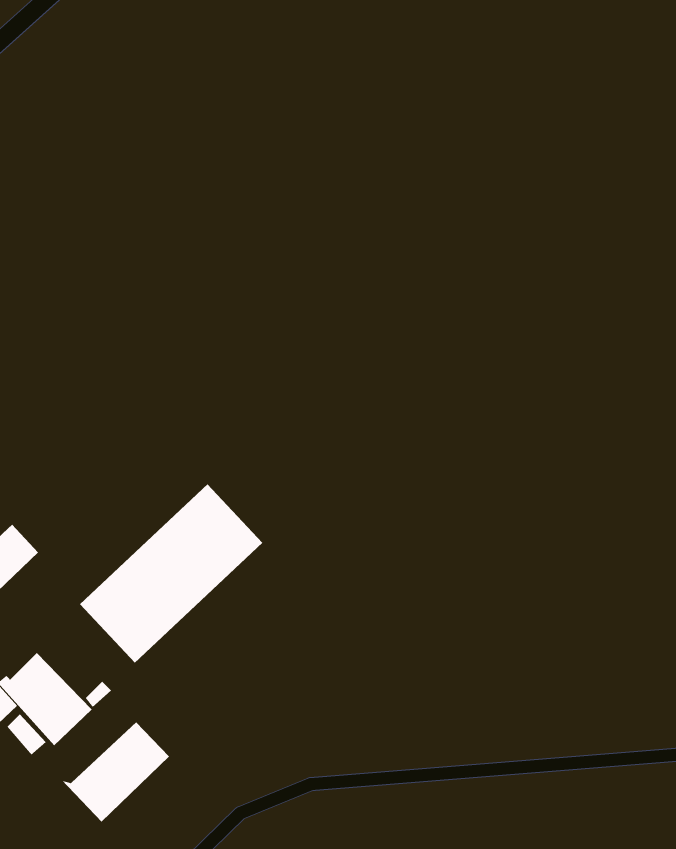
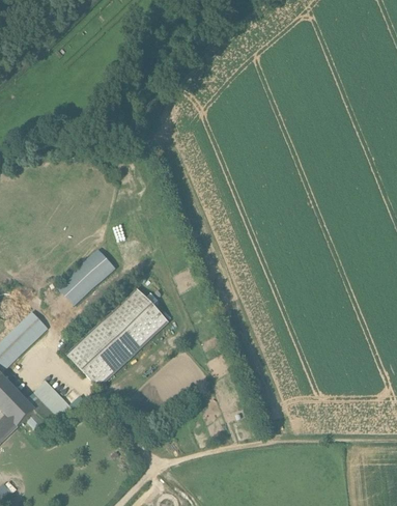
building: none -> [57,247,115,304]
building: [61,721,170,823] -> none

